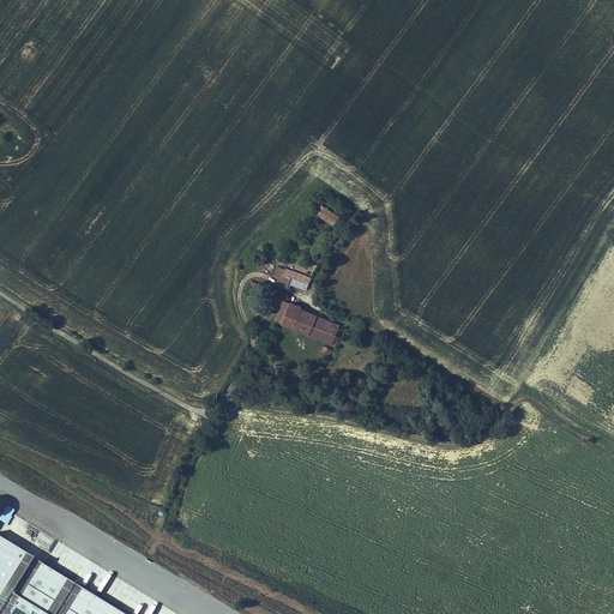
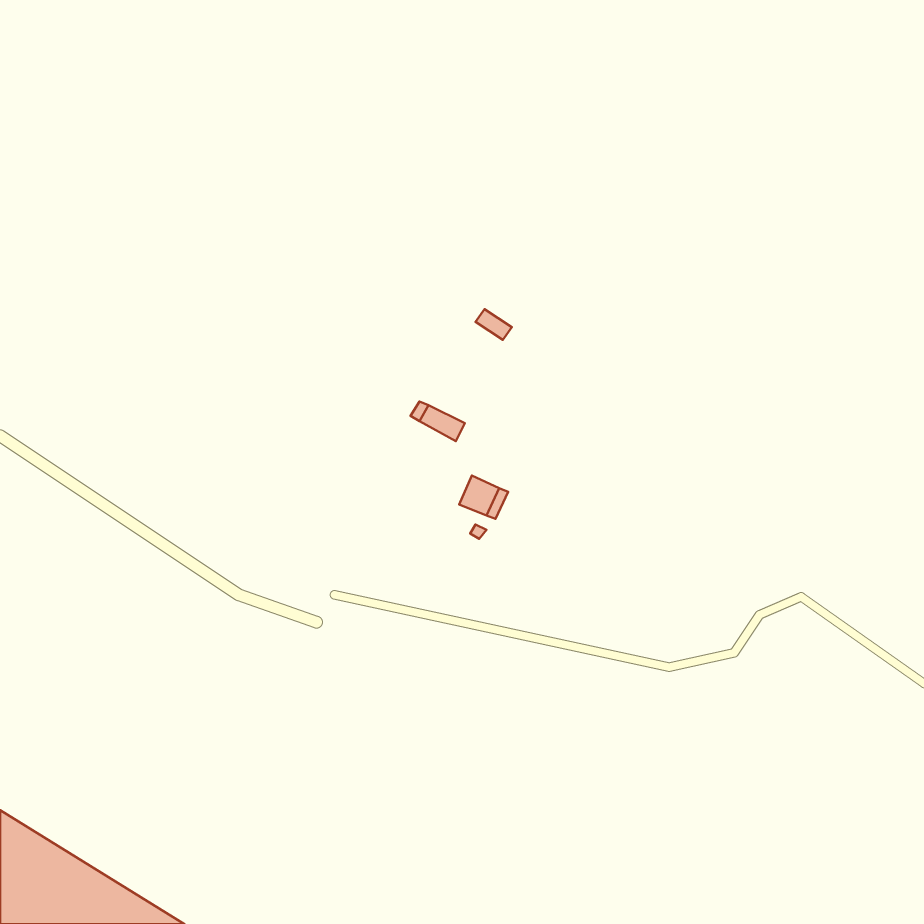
building: [273,303,313,335] -> none

